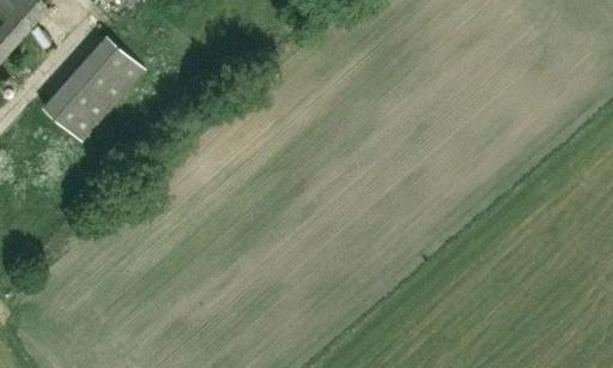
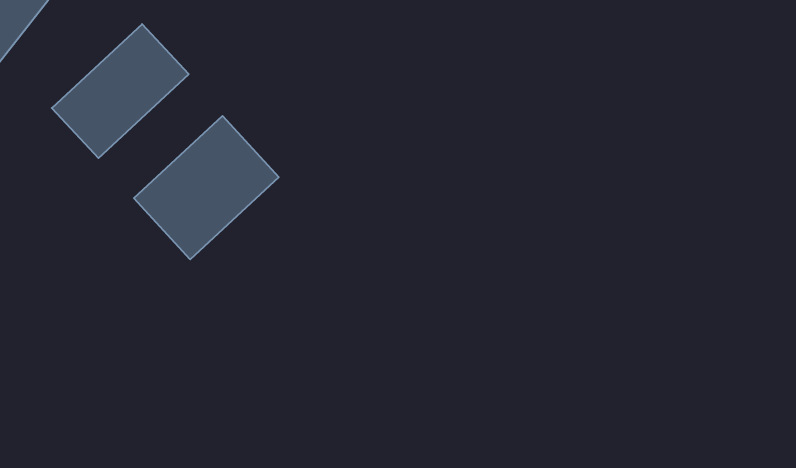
building: none -> [134,116,279,259]

